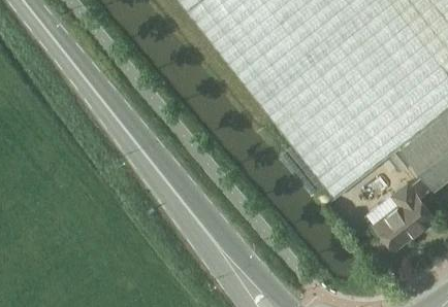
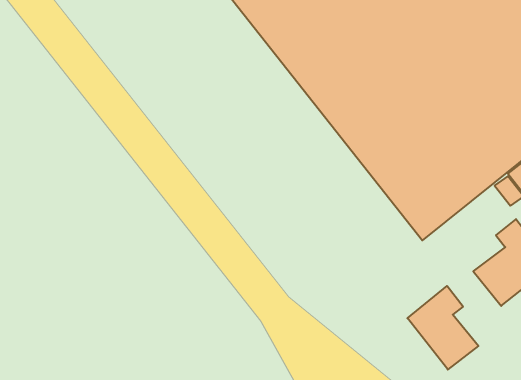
building: none -> [407,286,478,370]

